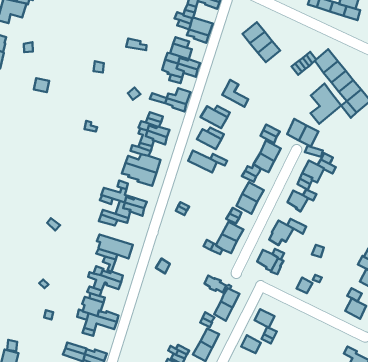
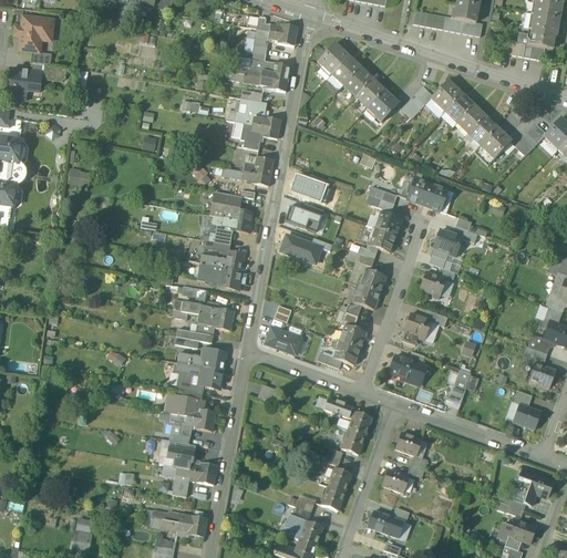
building: none -> [317,42,348,74]
building: none -> [367,90,398,122]
building: [222,80,248,107] -> none
building: [310,83,341,124] -> none
building: none -> [265,327,301,354]
building: none -> [176,348,226,370]

